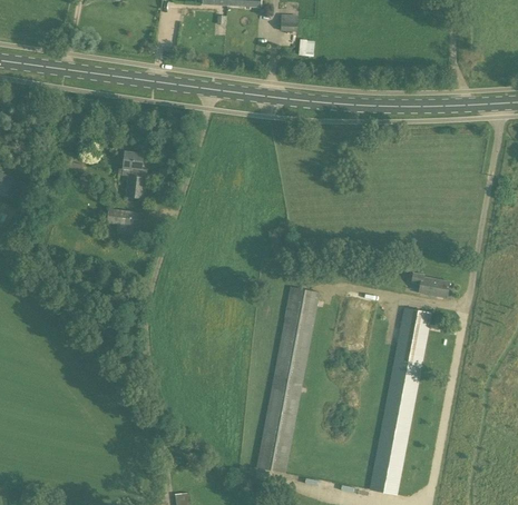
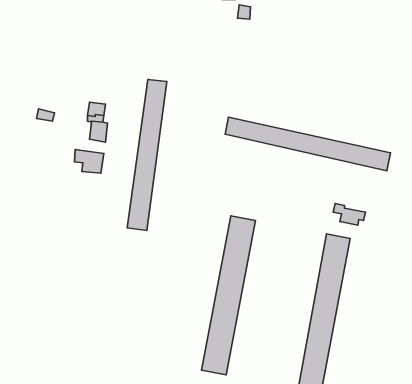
building: none -> [127,80,167,230]
building: none -> [225,117,390,171]

